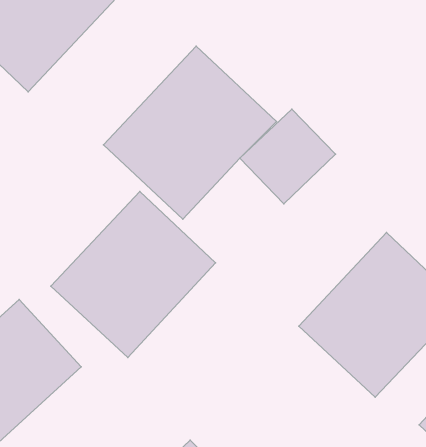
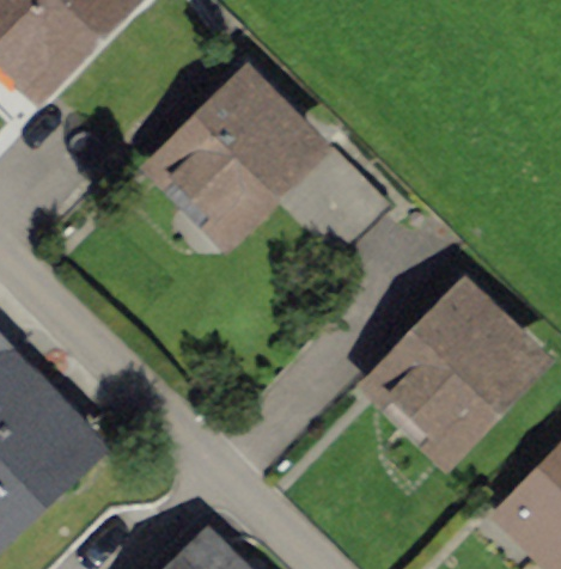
building: [51,191,216,357] -> none

